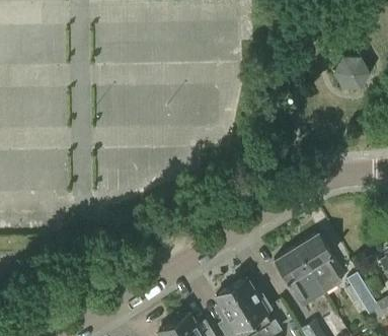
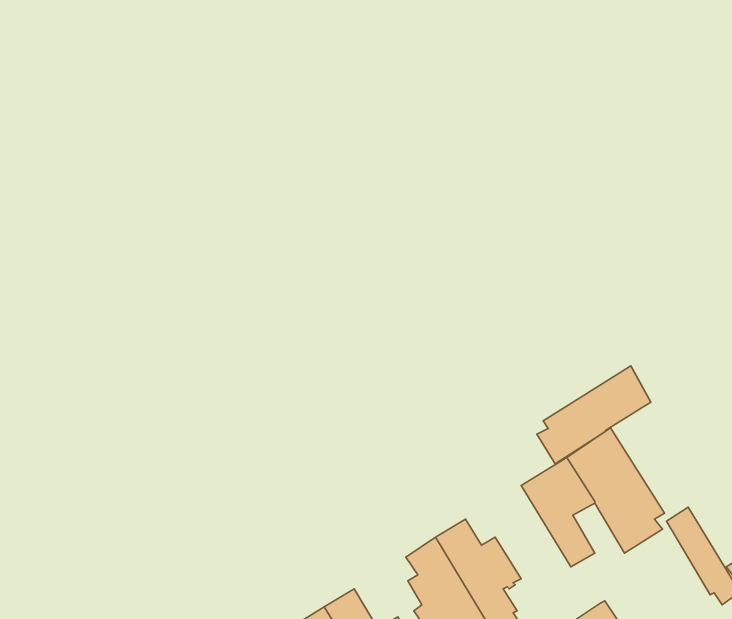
building: [330,54,370,89] -> none
building: none -> [537,366,651,464]

